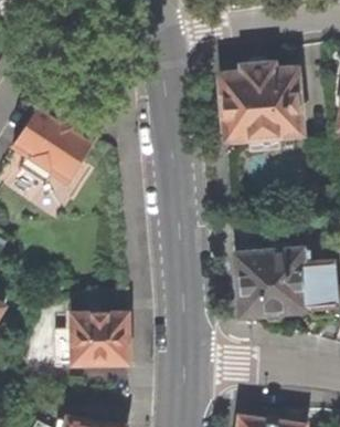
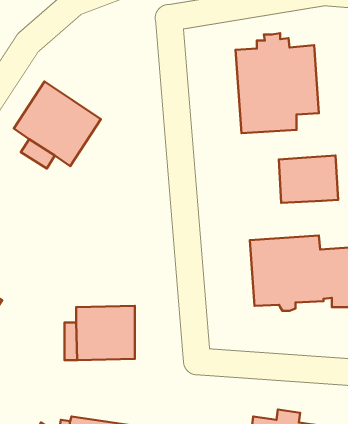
building: none -> [279,155,338,203]

